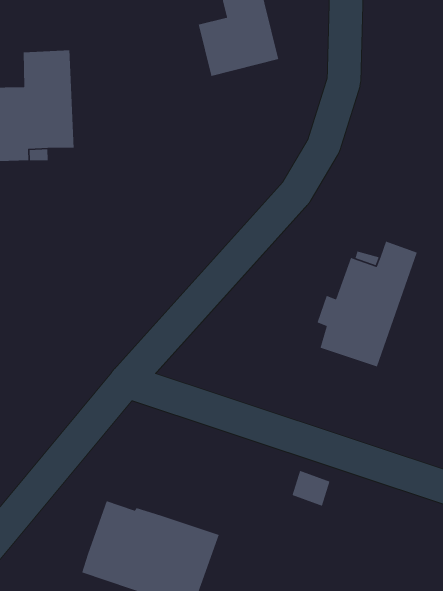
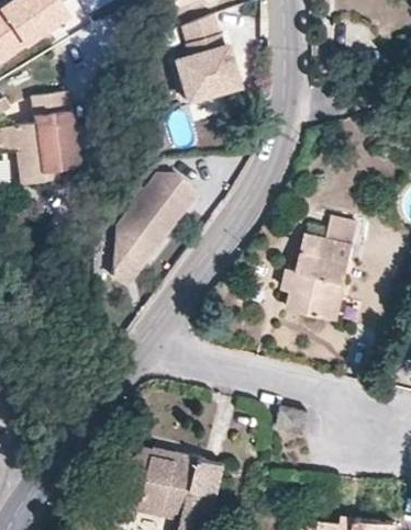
building: none -> [112,173,197,286]

